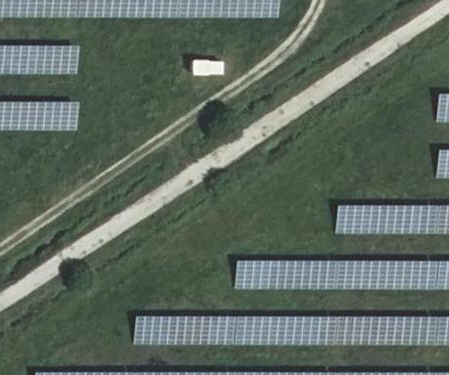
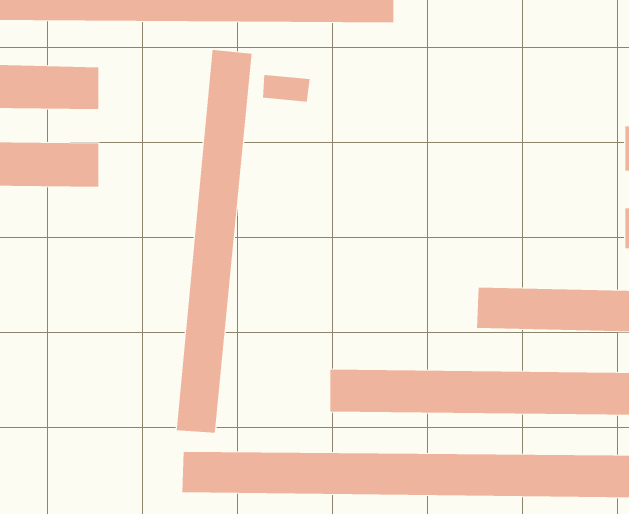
building: none -> [176,49,252,434]

